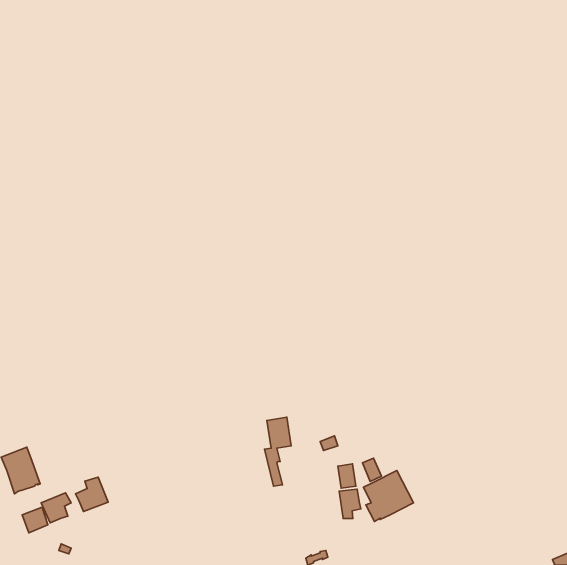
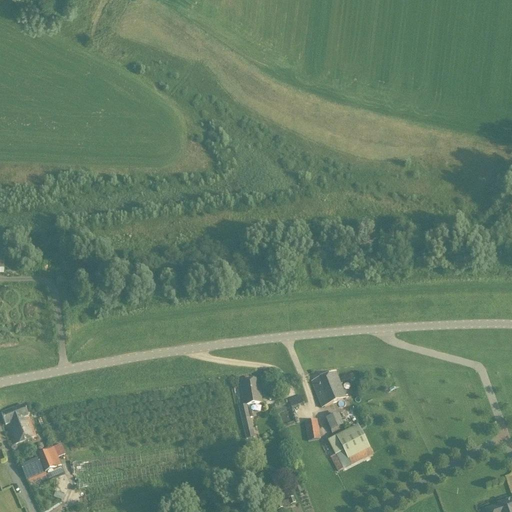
building: none -> [312,370,347,405]
building: [76,477,108,512] -> none
building: [339,489,361,519] -> none

